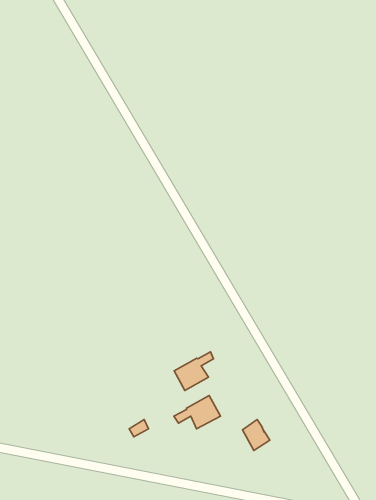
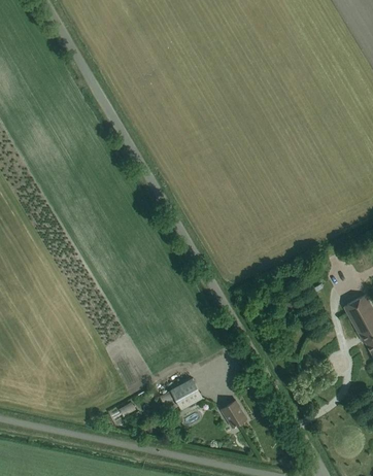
building: [174,352,214,391] -> none

